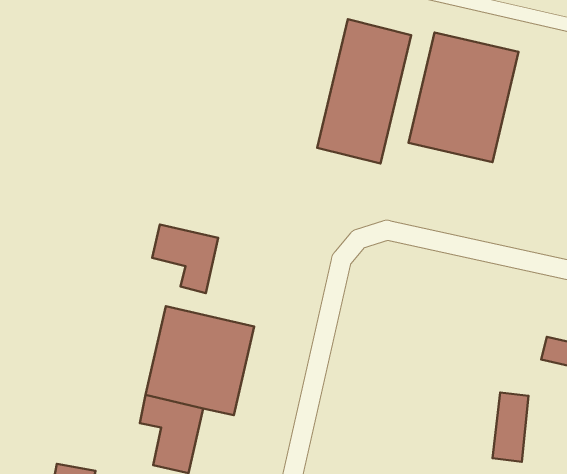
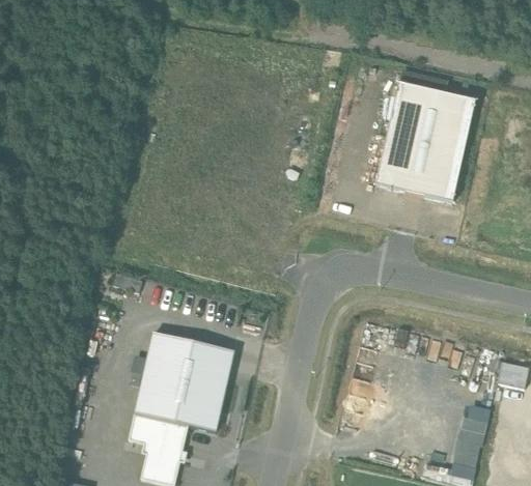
building: [317,19,411,164] -> none
building: [152,224,218,293] -> none

